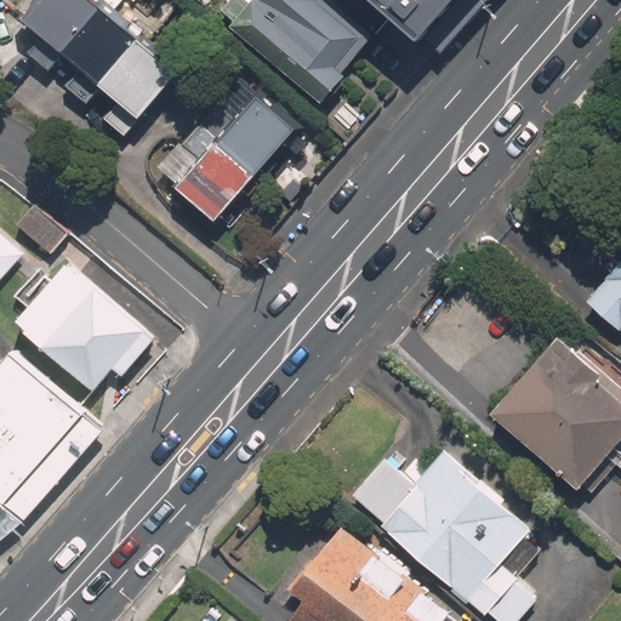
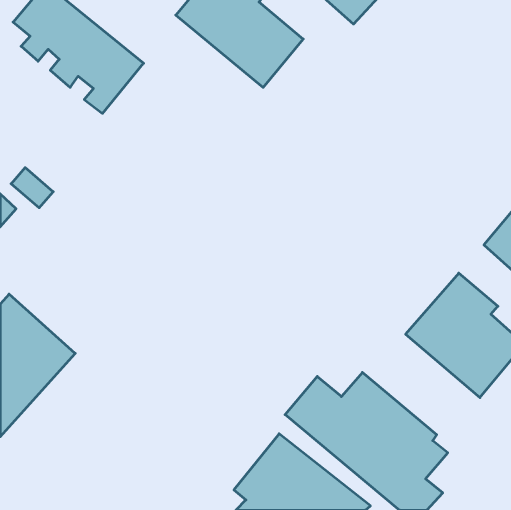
building: [173,98,294,226] -> none
building: [11,263,153,392] -> none

